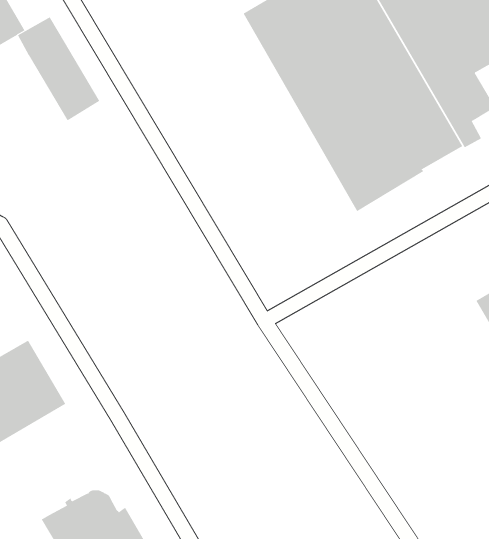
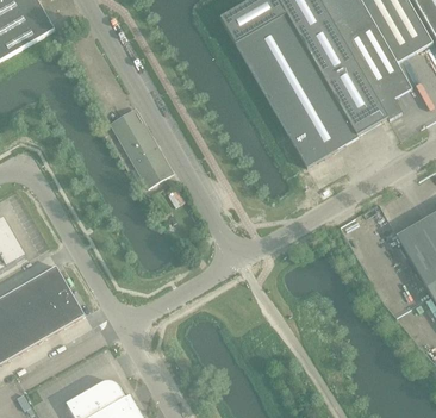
building: [17,17,100,121] -> [108,107,172,187]

